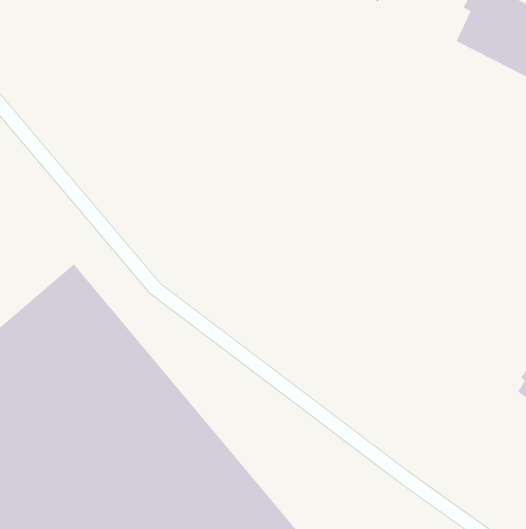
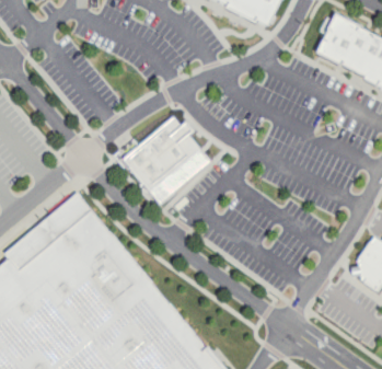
building: none -> [120,116,207,201]

